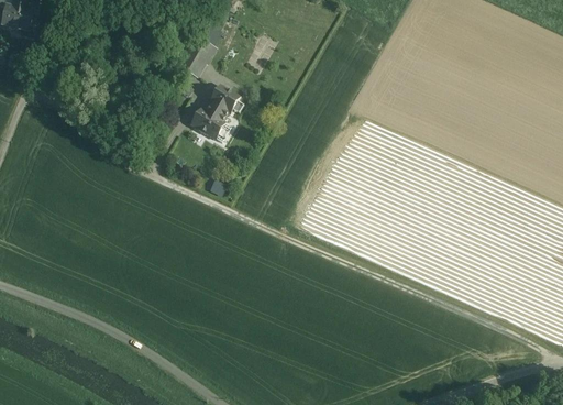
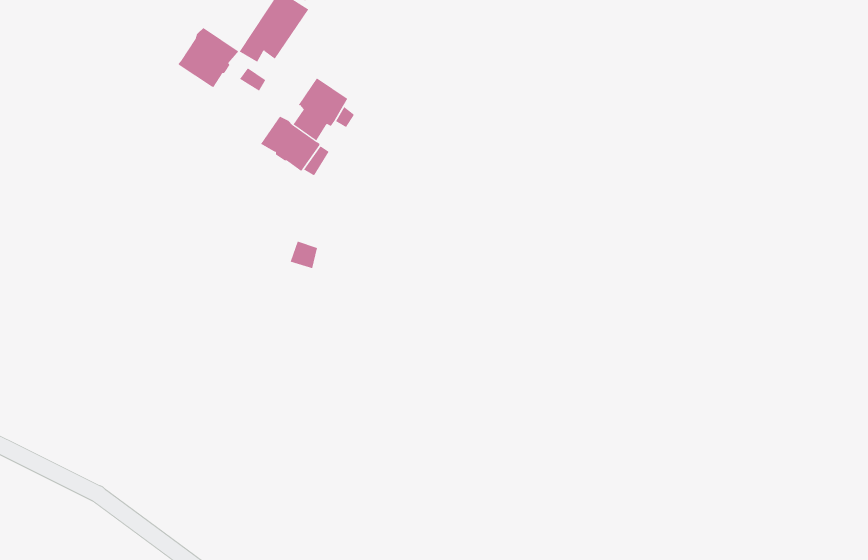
building: none -> [178,27,239,88]

